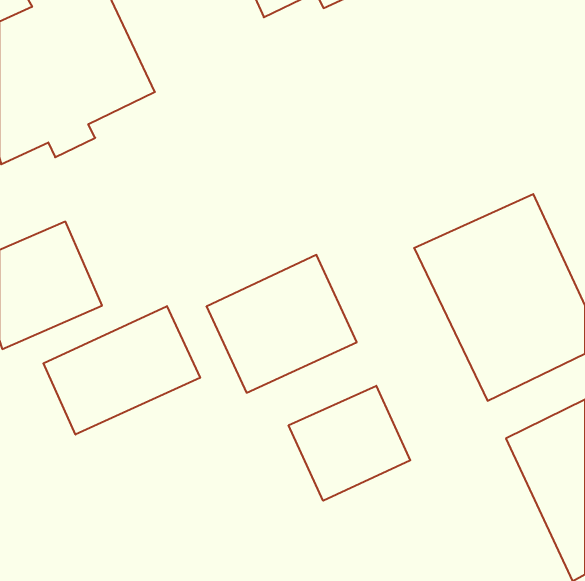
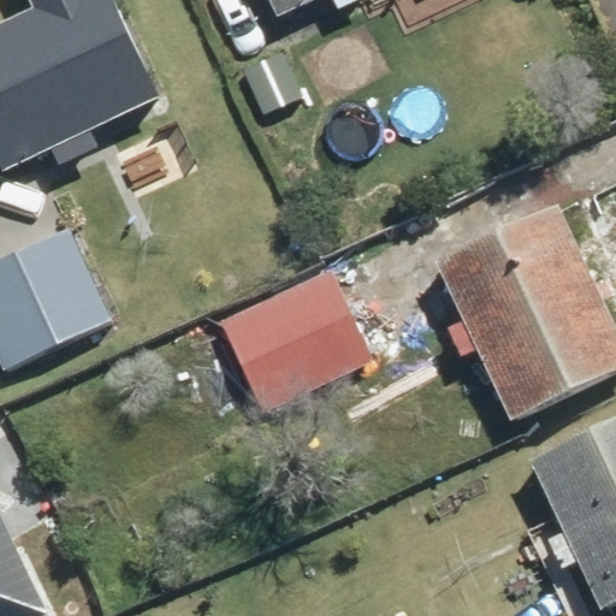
building: [43,306,200,435] -> none
building: [289,386,410,501] -> none

